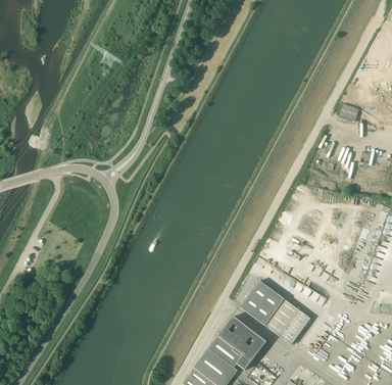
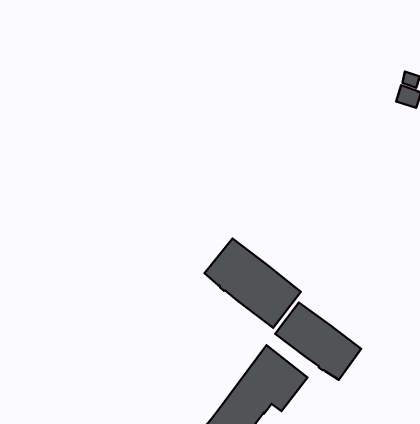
building: none -> [205,238,301,328]

